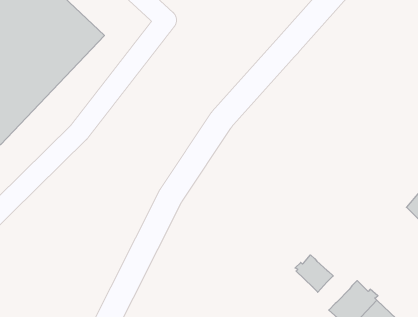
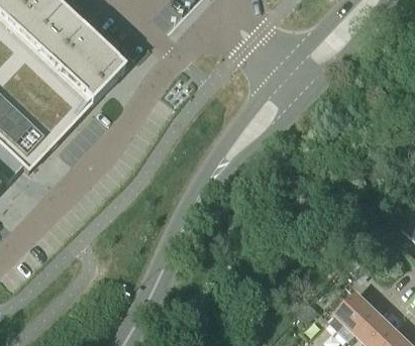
building: [295,255,333,292] -> none

